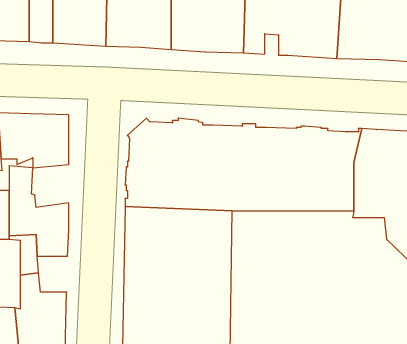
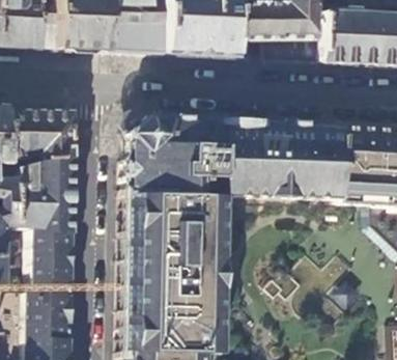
building: none -> [44,160,78,199]
building: none -> [49,244,77,277]

